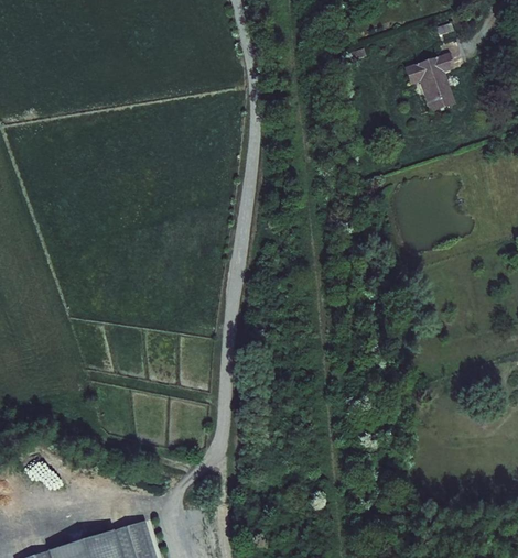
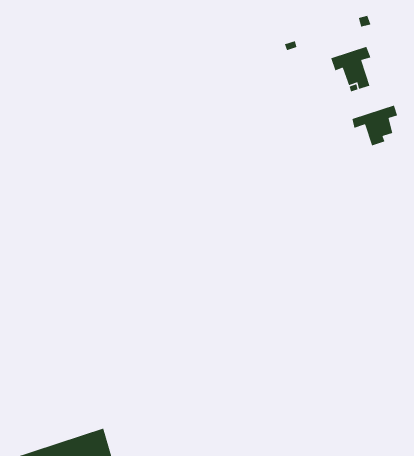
building: none -> [351,104,398,147]

